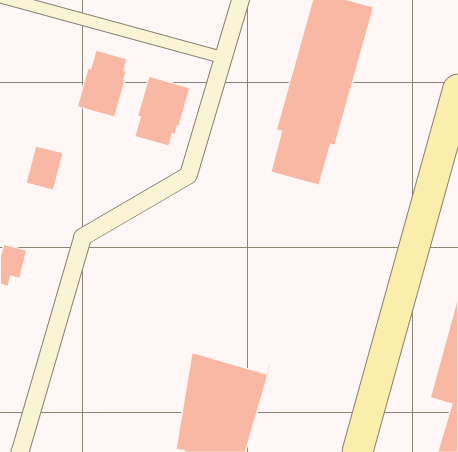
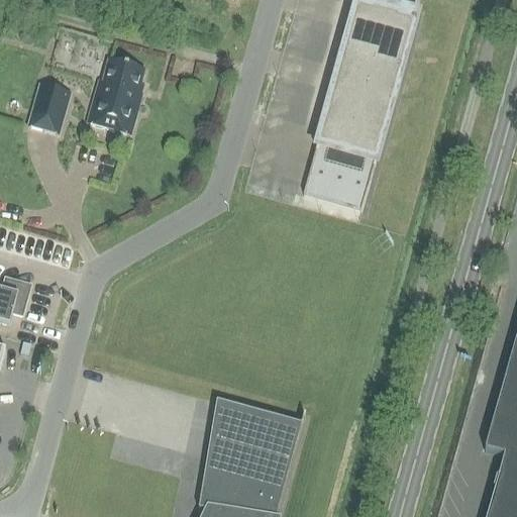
building: [135,76,190,146] -> none
building: [26,146,63,190] -> [27,82,70,131]

